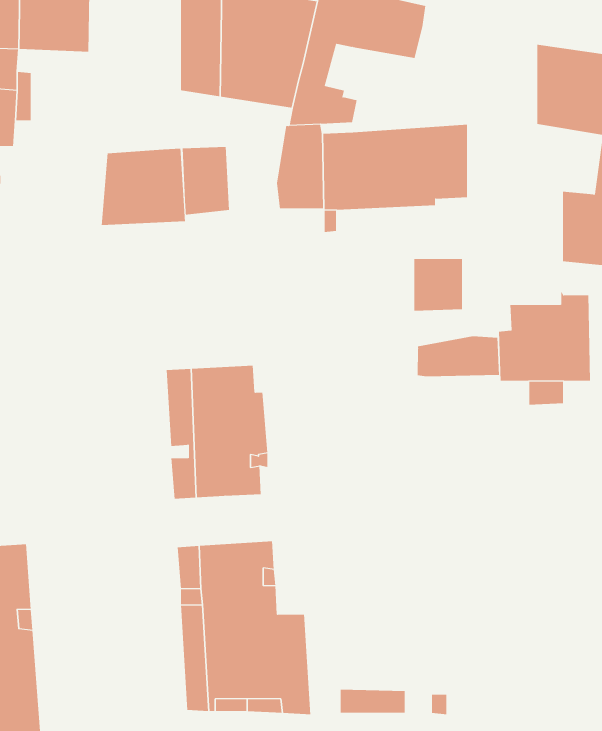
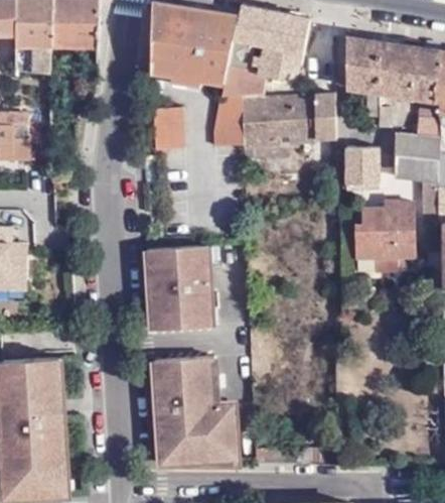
building: none -> [345,37,391,130]
building: none -> [256,44,301,82]
building: [101,148,185,226] -> none
building: [413,259,463,311] -> [344,150,376,183]
building: [417,335,500,377] -> none

